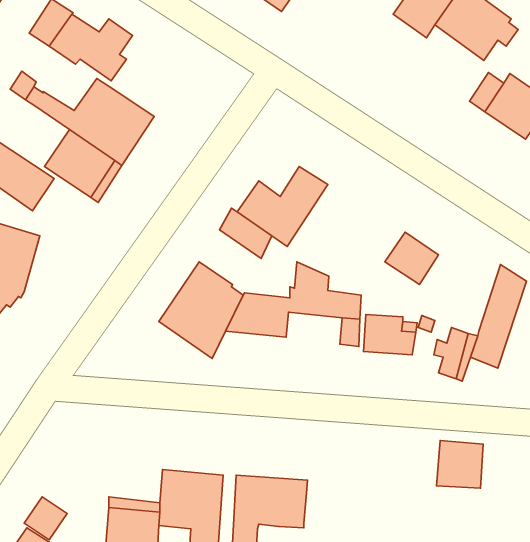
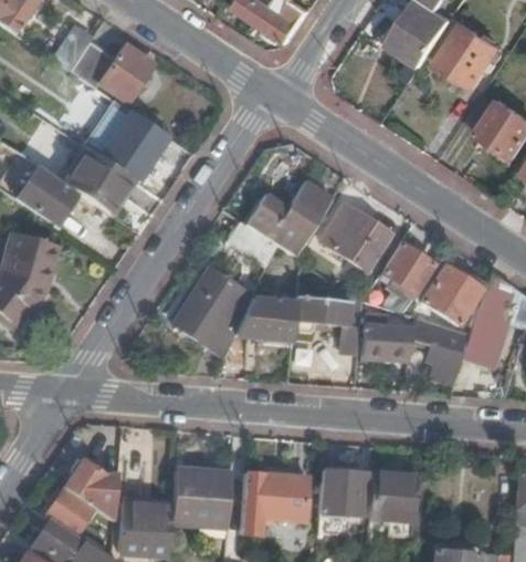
building: none -> [319,207,387,270]
building: none -> [422,259,483,325]
building: [437,441,483,488] -> [374,472,417,517]
building: none -> [66,462,119,521]
building: none -> [322,468,368,516]

